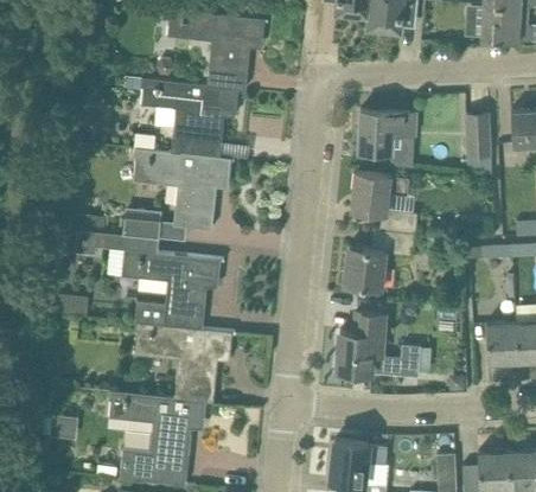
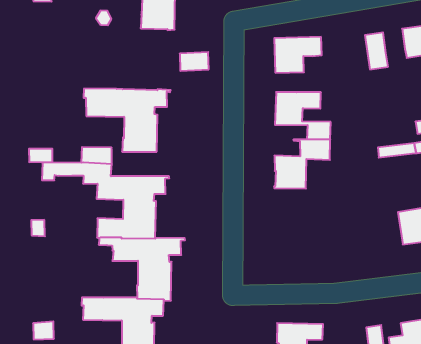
building: [141,78,237,159] -> none
building: [338,313,421,378] -> none

